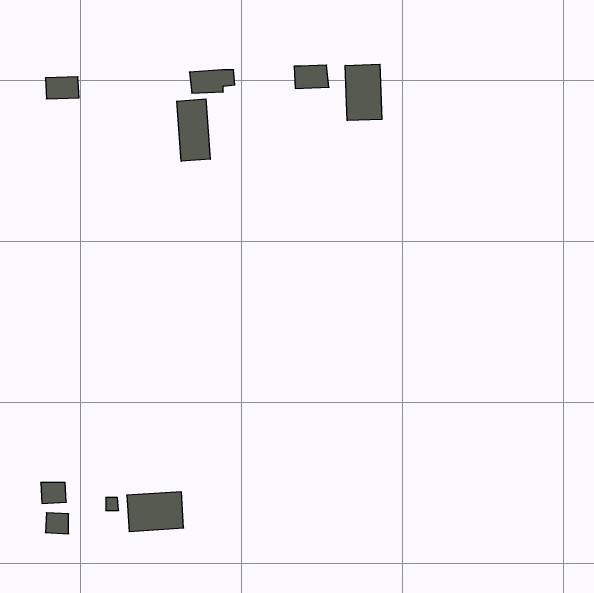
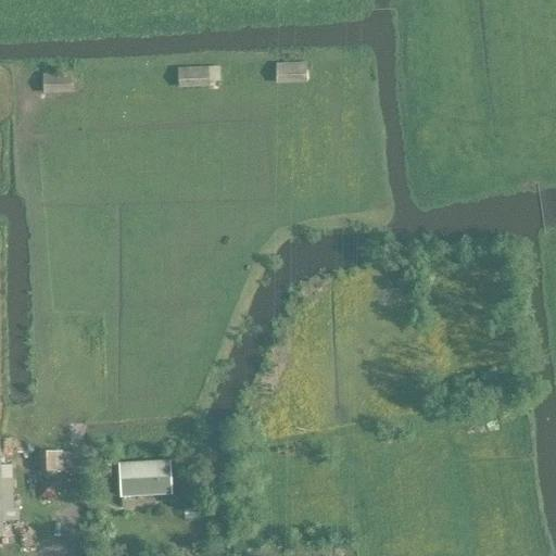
building: [345,64,382,121] -> none
building: [177,99,210,161] -> none

